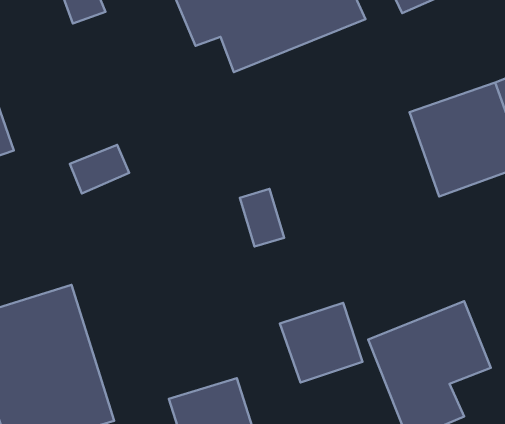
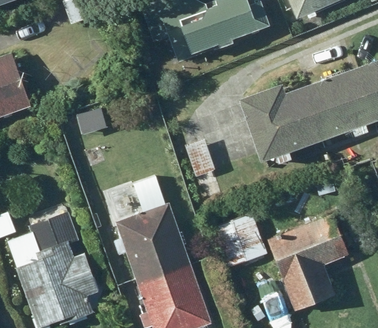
building: none -> [240,85,318,162]
building: none -> [117,207,181,279]

